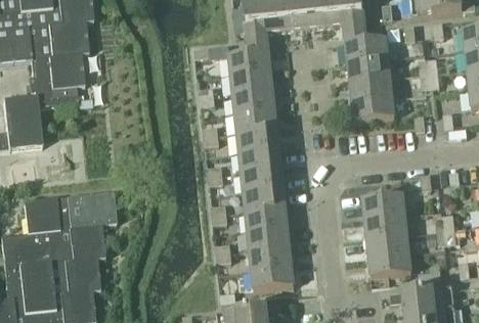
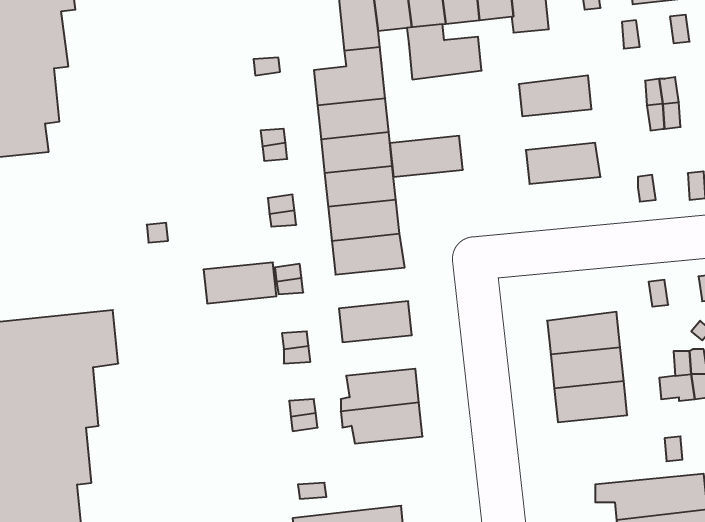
building: [344,30,387,61] -> [407,24,482,79]
building: [349,76,391,99] -> [390,136,463,177]
building: [242,167,284,190] -> [203,262,276,303]
building: [246,205,288,229] -> none
building: [369,251,411,284] -> none
building: [253,264,294,288] -> none

